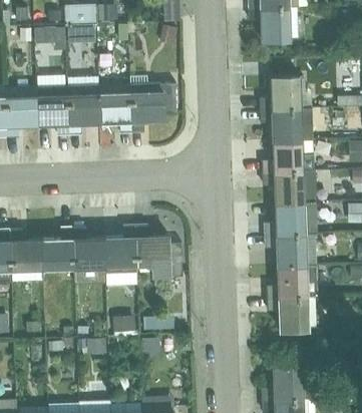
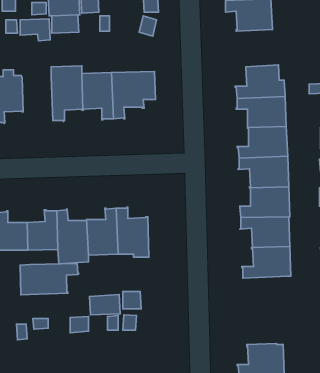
building: [37,88,69,135] -> none
building: none -> [20,263,79,295]
building: [268,297,316,330] -> none

